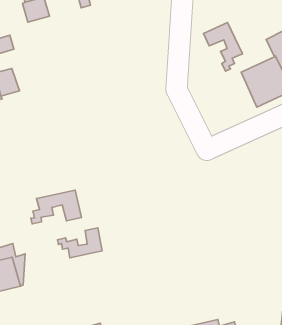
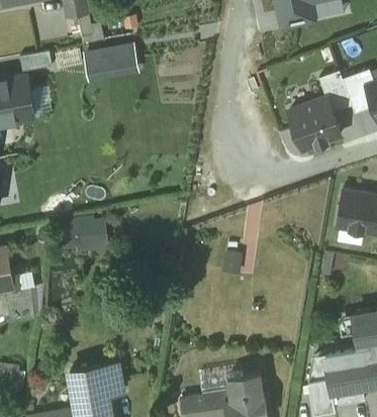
building: none -> [83,44,138,83]
building: [204,23,242,71] -> none
building: [58,228,102,258] -> none

